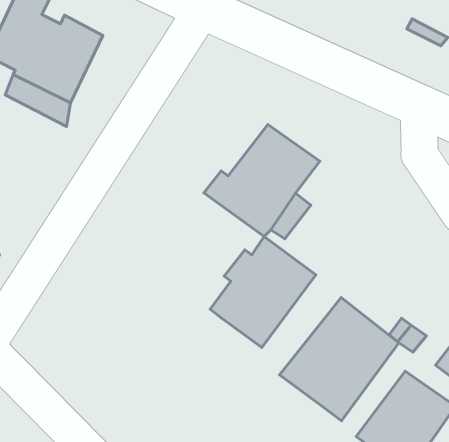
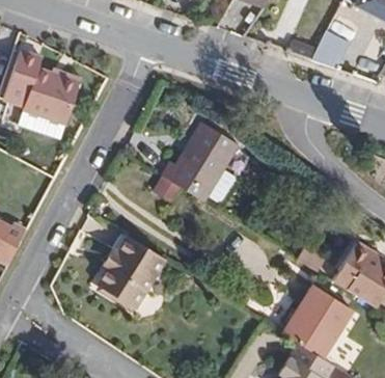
building: [210,237,316,347] -> [93,235,164,312]
building: [280,297,399,421] -> none

